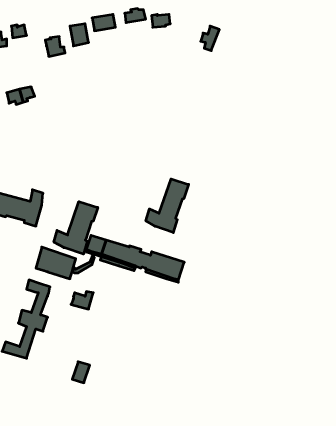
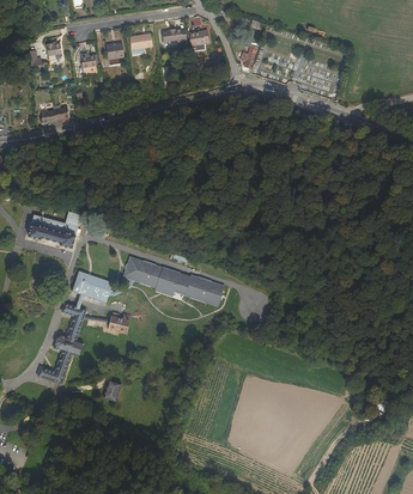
building: [146,179,189,233] -> none
building: [54,202,98,254] -> none

